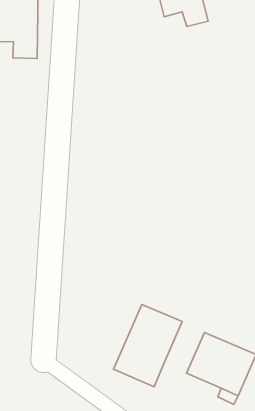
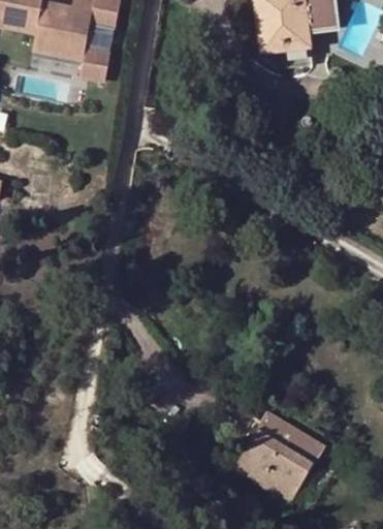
building: [113,305,182,387] -> none

